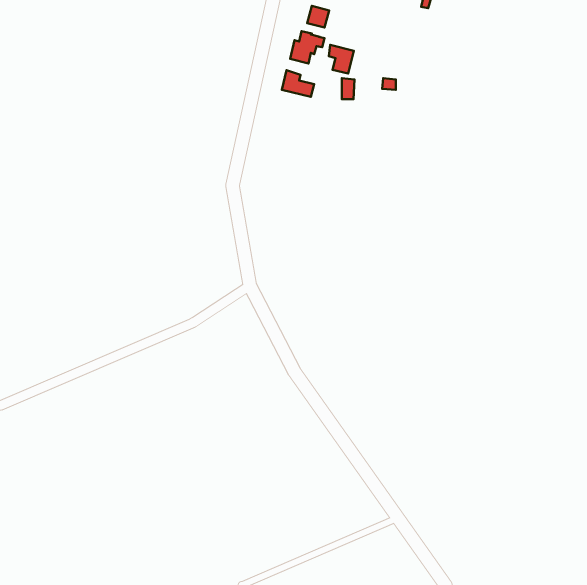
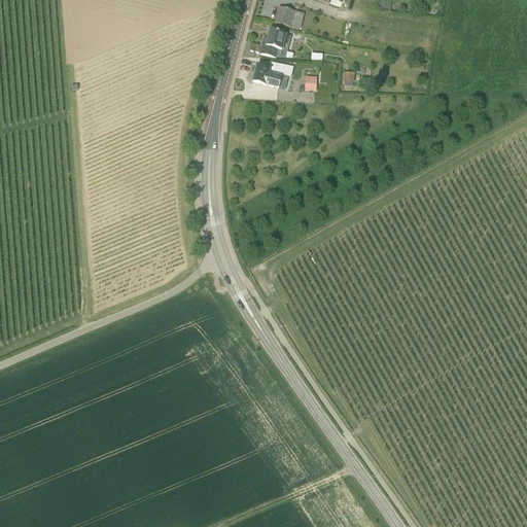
building: [329,45,354,73] -> none

